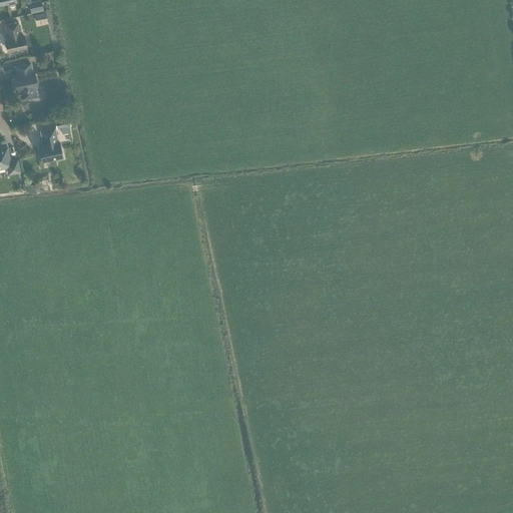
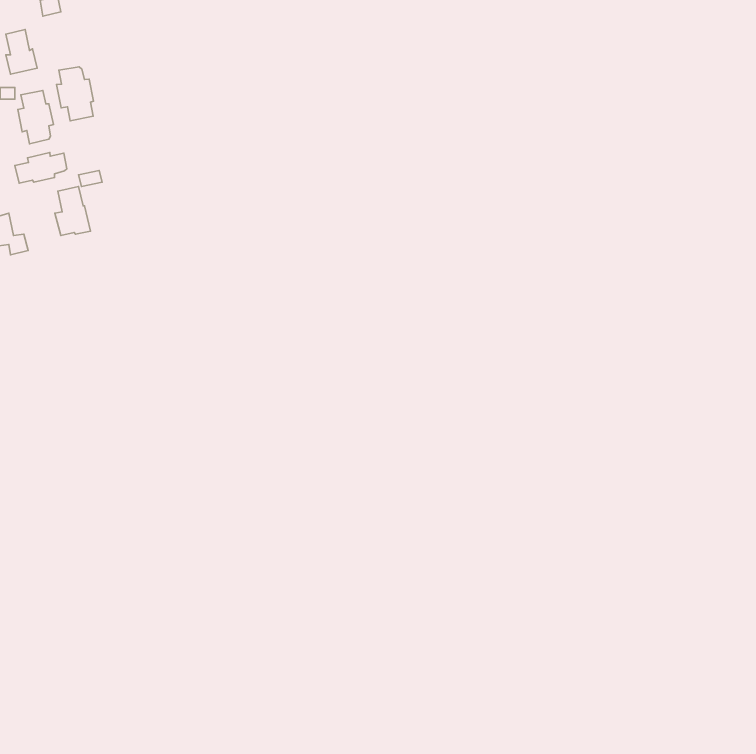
building: none -> [57,67,93,121]
building: none -> [15,153,67,183]

